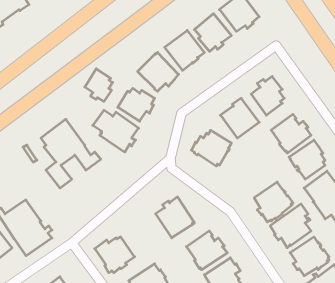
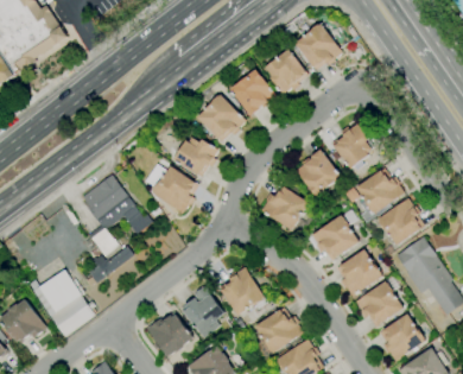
building: [85,69,113,101] -> none
building: none -> [307,210,359,261]
building: none -> [84,247,133,287]
building: none -> [180,286,224,338]

